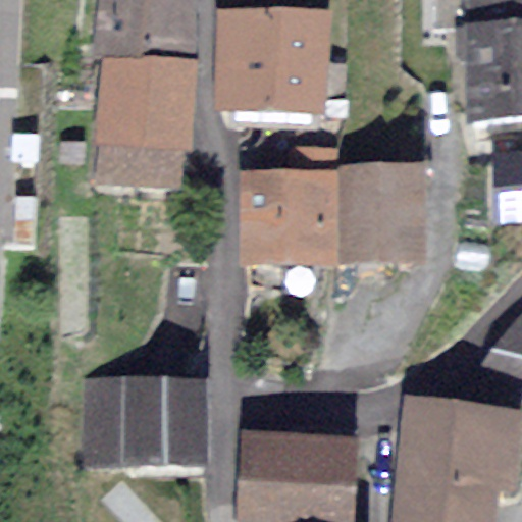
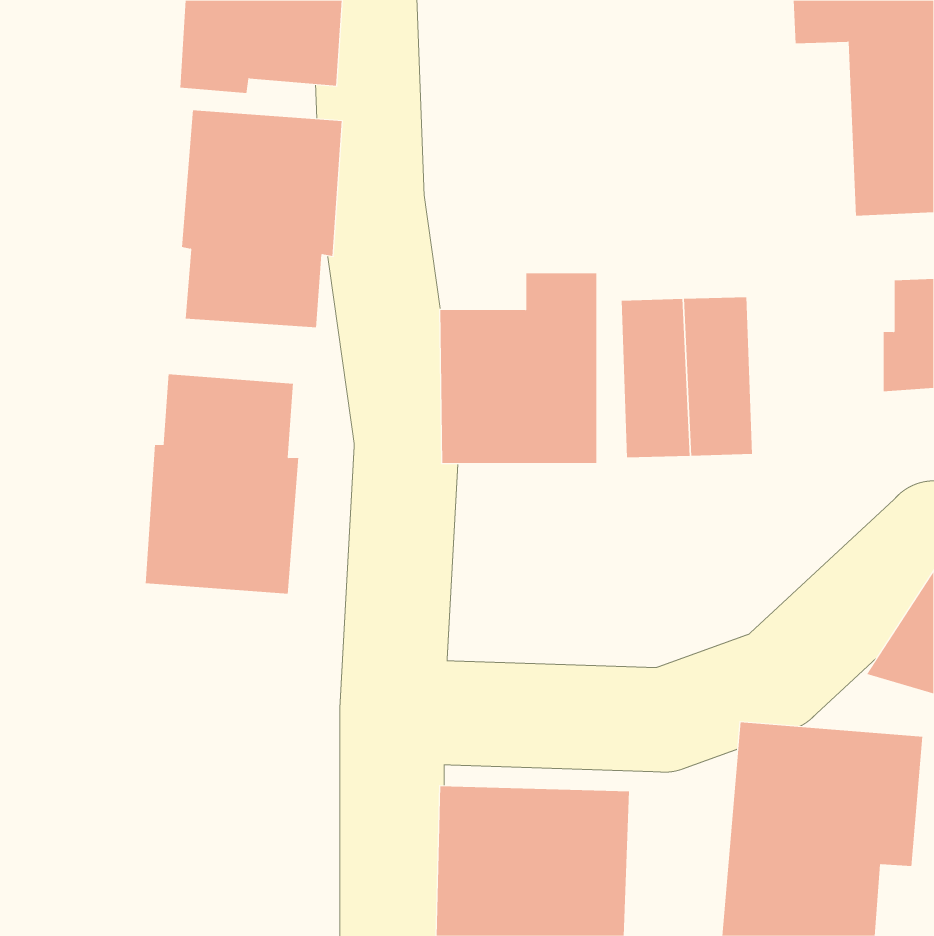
building: [226,15,322,110] -> none
building: none -> [145,373,299,594]
building: [92,381,201,461] -> none

